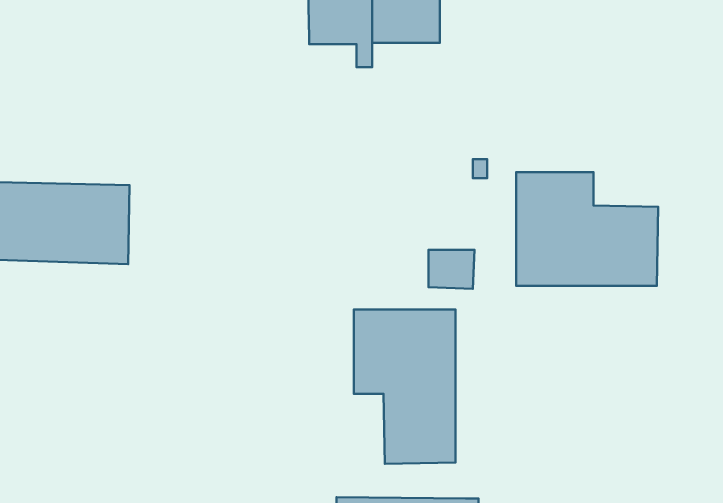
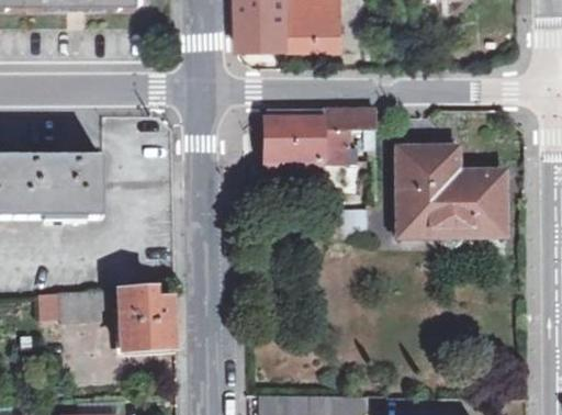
building: none -> [265,106,374,183]
building: [354,310,456,464] -> none
building: none -> [63,287,175,348]

